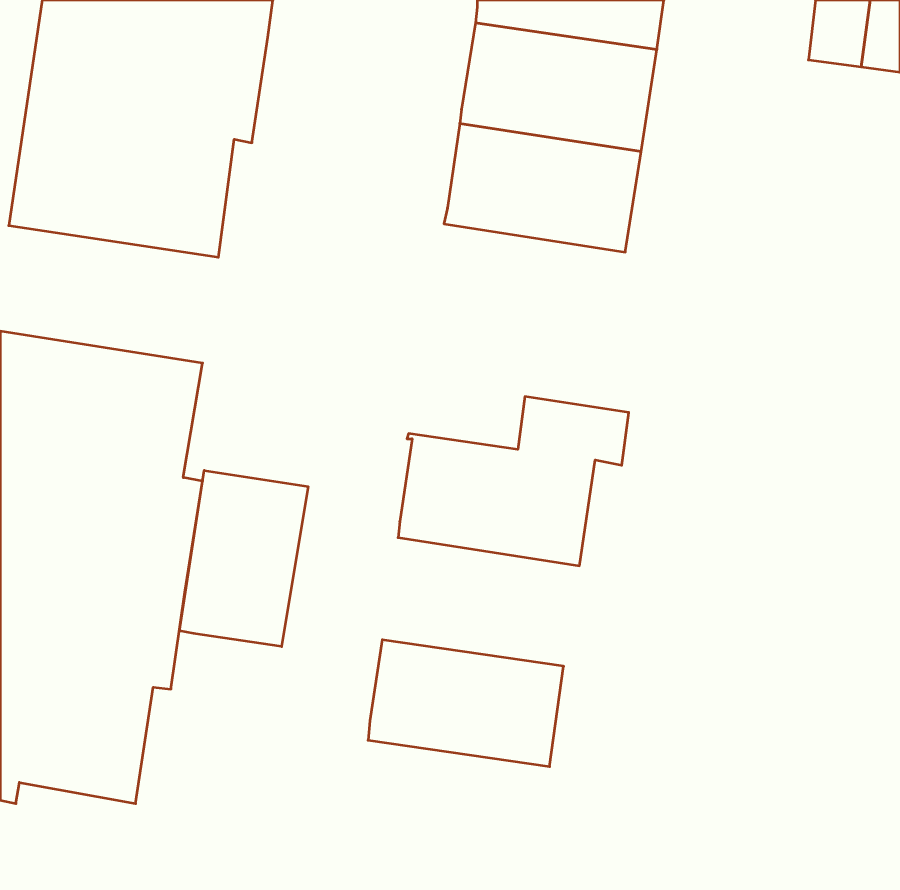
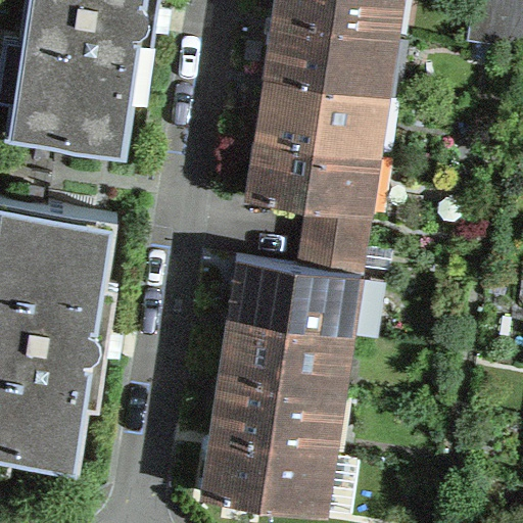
building: none -> [246,136,370,245]
building: [179,470,308,647] -> none
building: none -> [222,318,336,392]
building: none -> [201,435,319,512]

